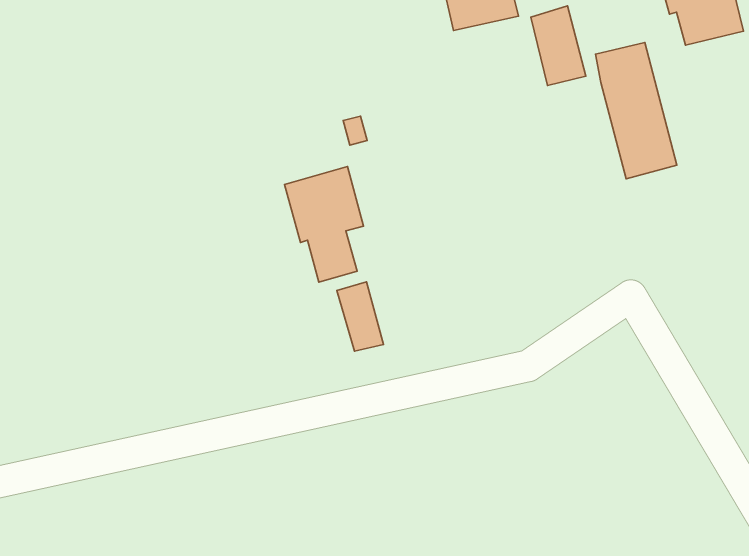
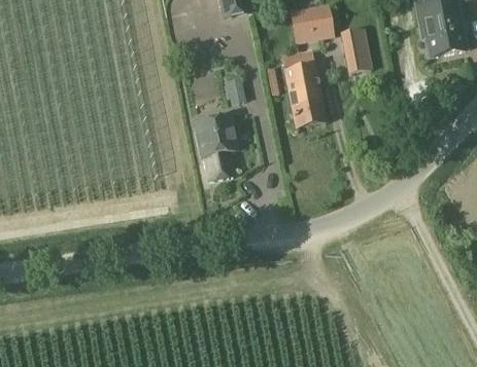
building: [596,42,677,179] -> [282,50,326,129]
building: [337,282,384,351] -> none

